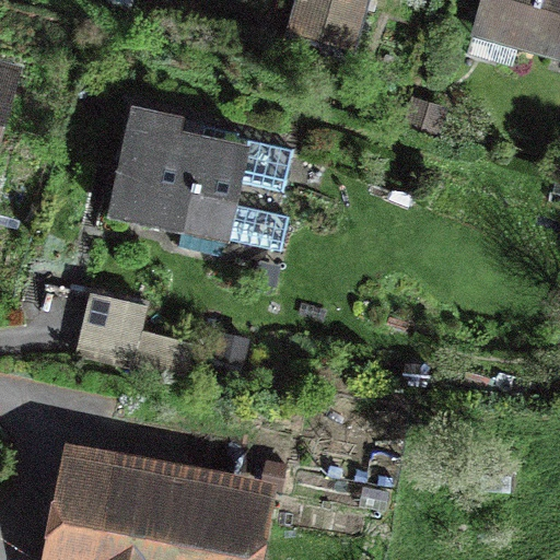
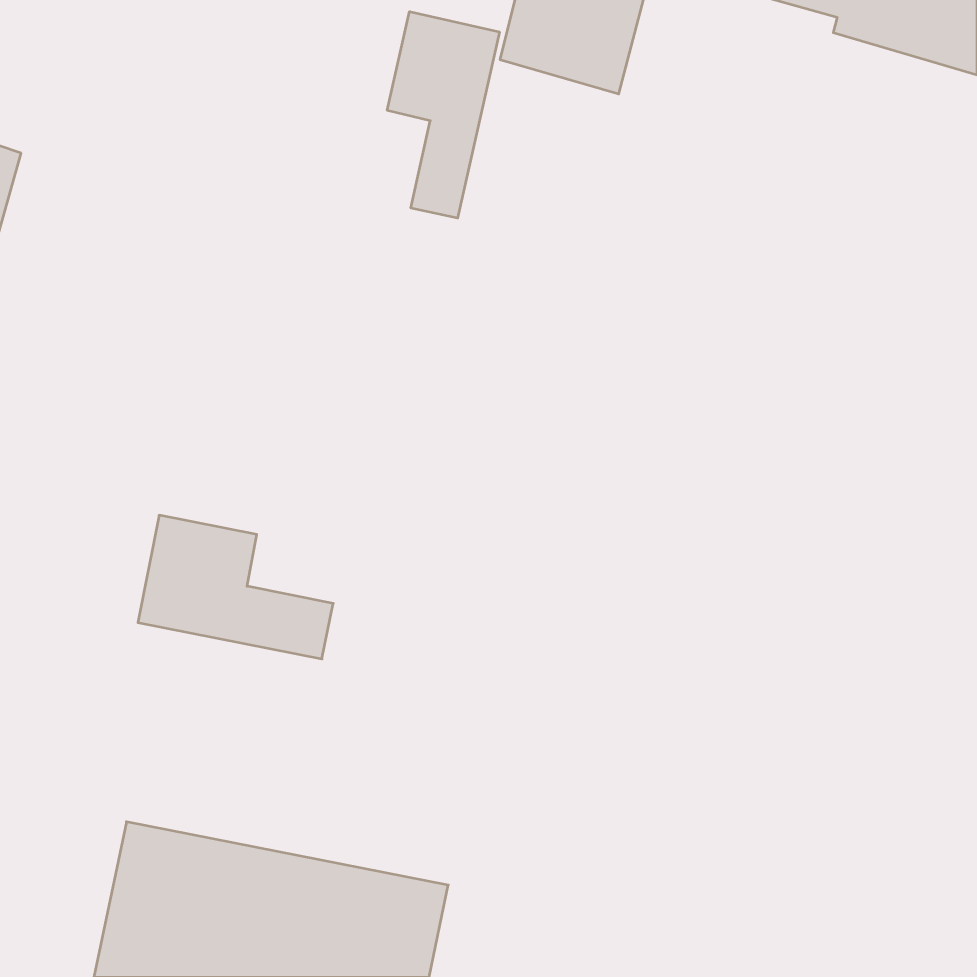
building: none -> [387,12,499,218]
building: [108,106,246,238] -> none

